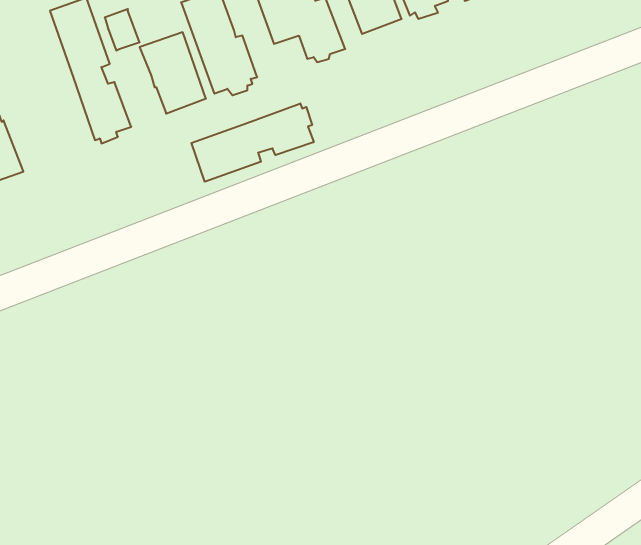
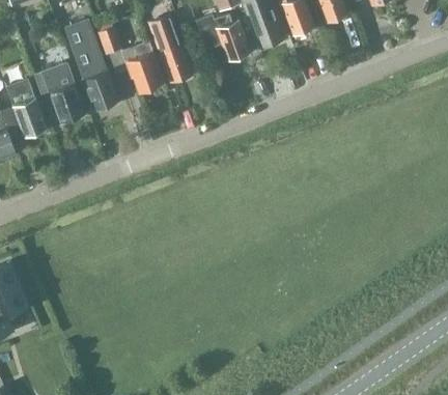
building: none -> [41,61,84,121]
building: [191,103,314,182] -> none

